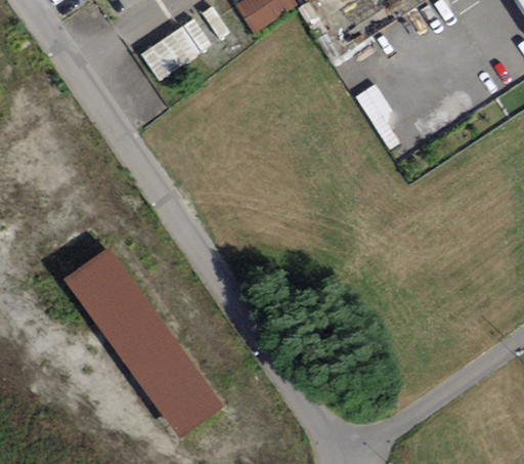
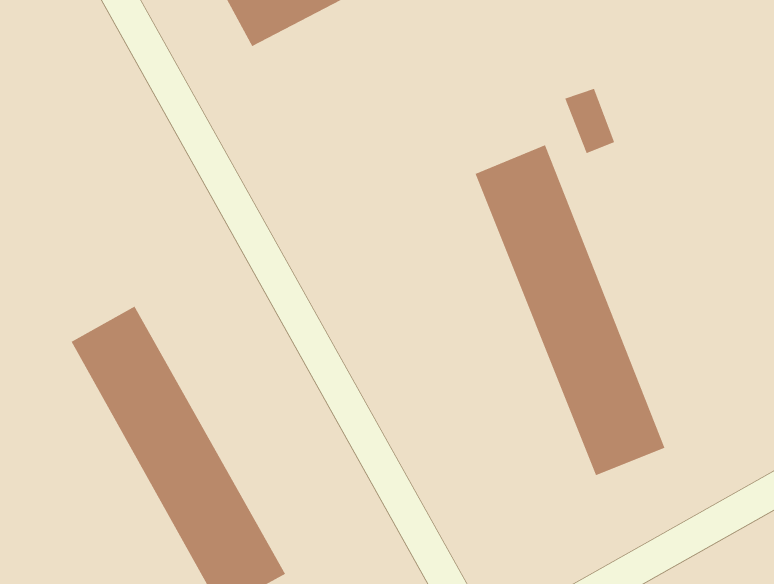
building: none -> [474,144,666,476]

